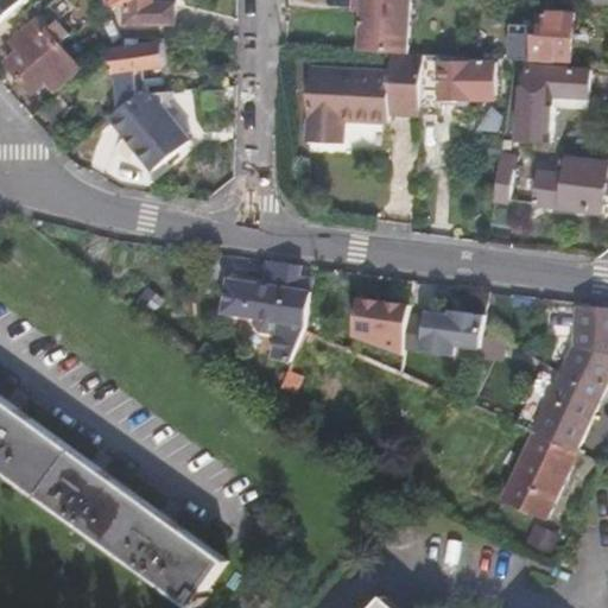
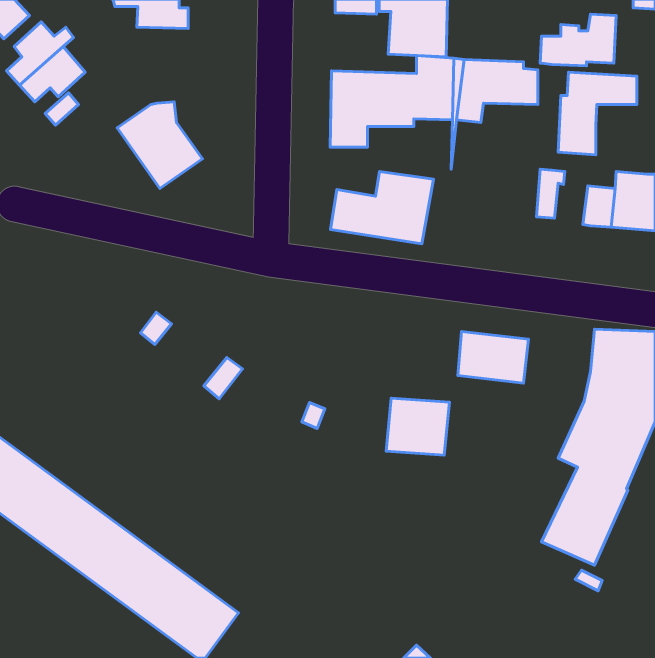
building: [107,43,160,110] -> none
building: [218,261,314,328] -> [330,172,434,244]
building: [353,294,411,347] -> [386,398,449,455]

